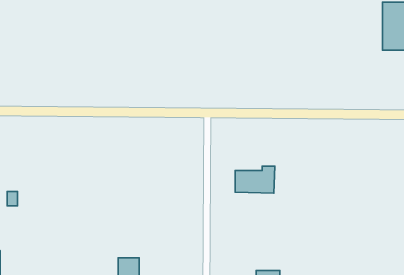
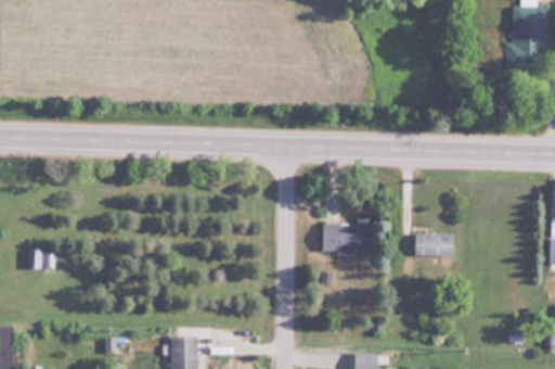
building: none -> [414,233,453,256]

